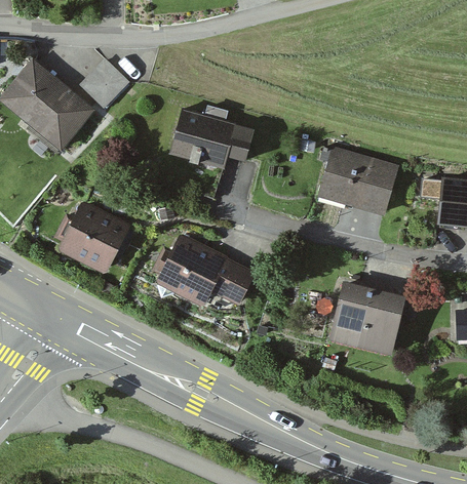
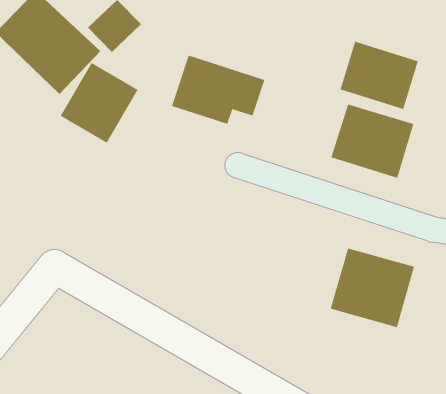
building: none -> [340,41,418,110]
building: [57,199,130,275] -> [60,62,139,144]
building: [150,237,248,304] -> none

